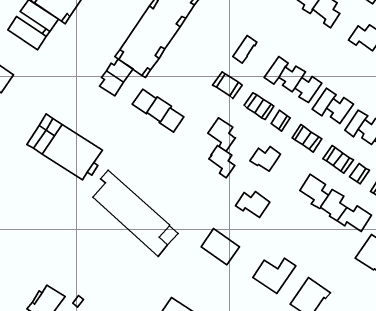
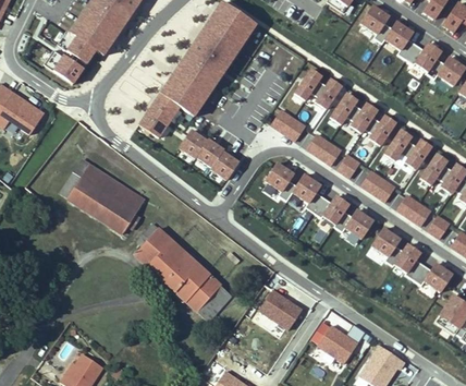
building: none -> [405,43,441,72]
building: none -> [310,79,341,109]
building: [209,145,235,178] -> [294,174,323,212]
building: [235,192,270,217] -> [334,209,373,239]

